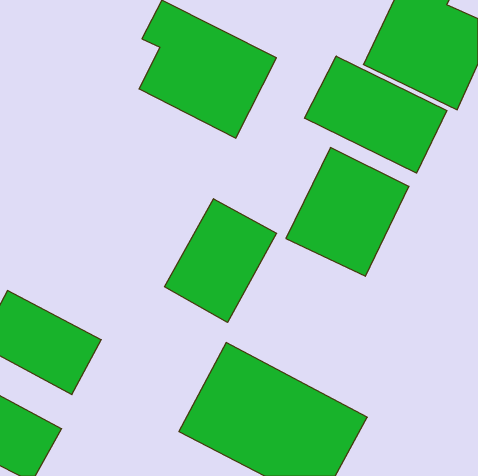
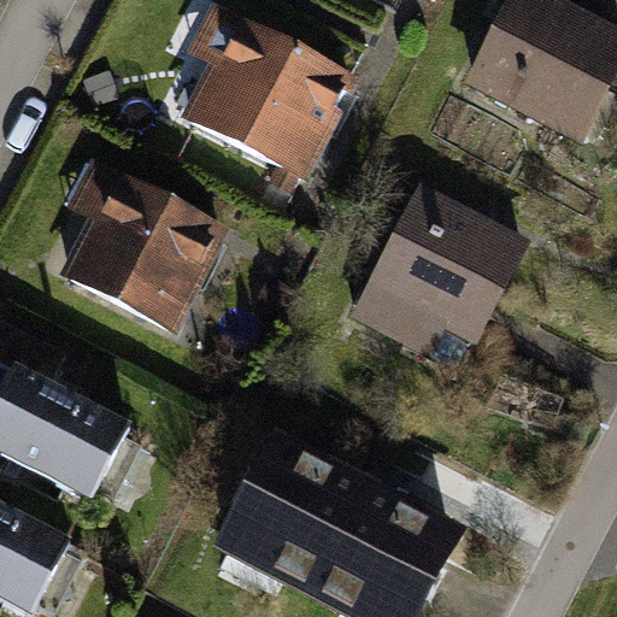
building: [305,56,447,173] -> none
building: none -> [60,157,225,333]
building: [165,199,277,322] -> none

